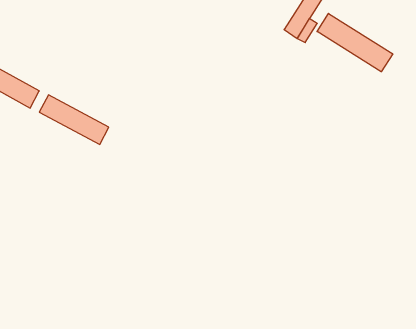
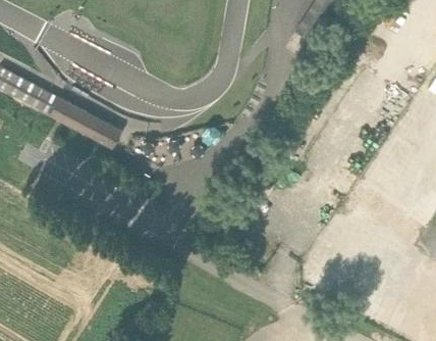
building: [317,13,393,72] -> none

